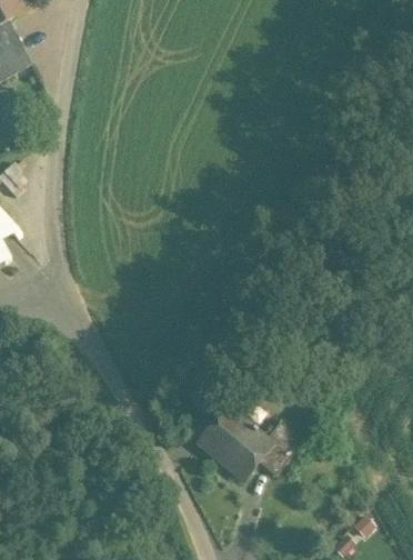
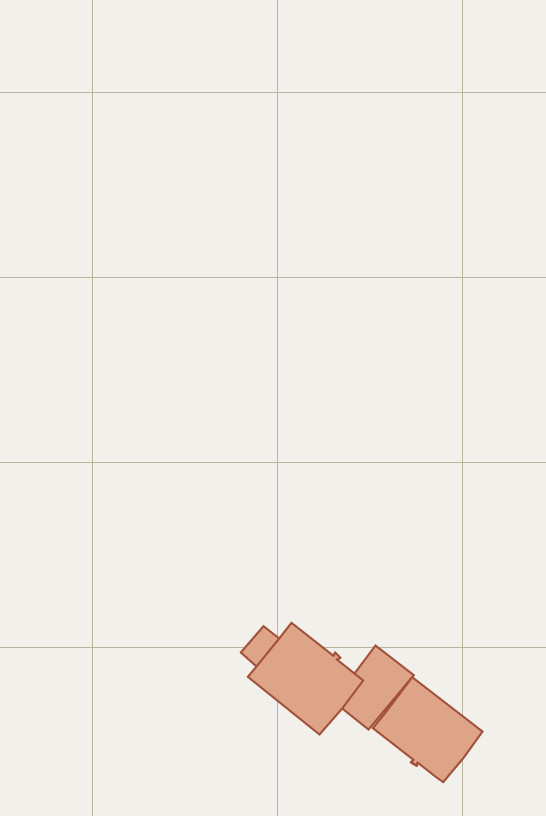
building: none -> [373,677,482,782]

